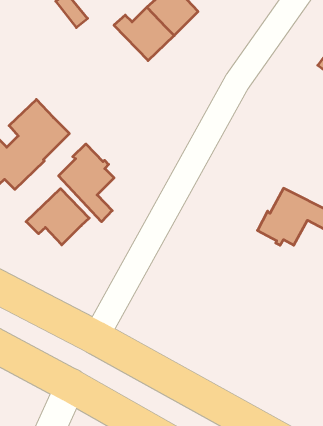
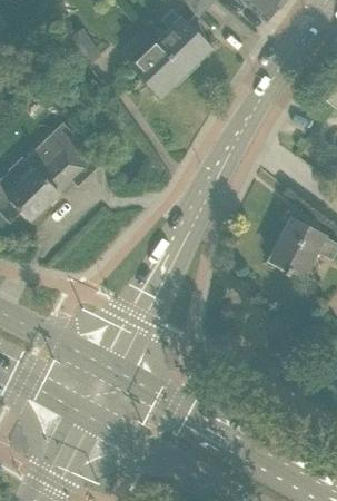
building: [59,144,114,222] -> none
building: [26,189,89,245] -> none

